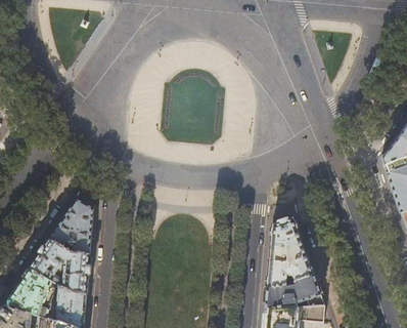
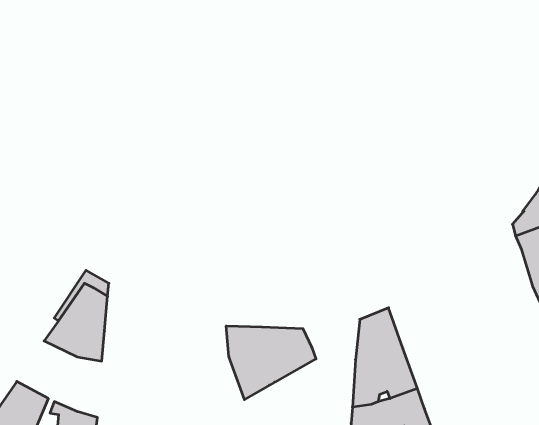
building: none -> [226,326,316,400]
building: [28,246,88,300] -> none

